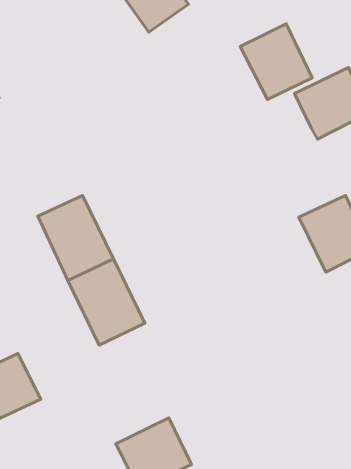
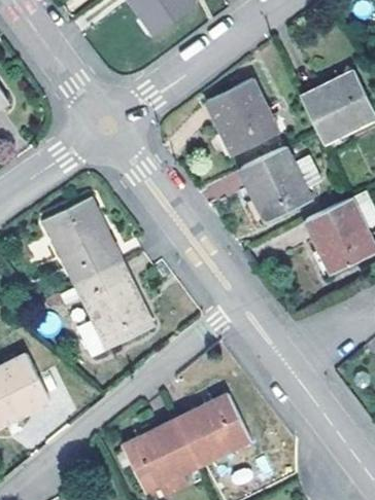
building: [240,24,312,100] -> [206,79,277,154]
building: none -> [240,147,310,221]
building: none -> [175,393,250,465]

